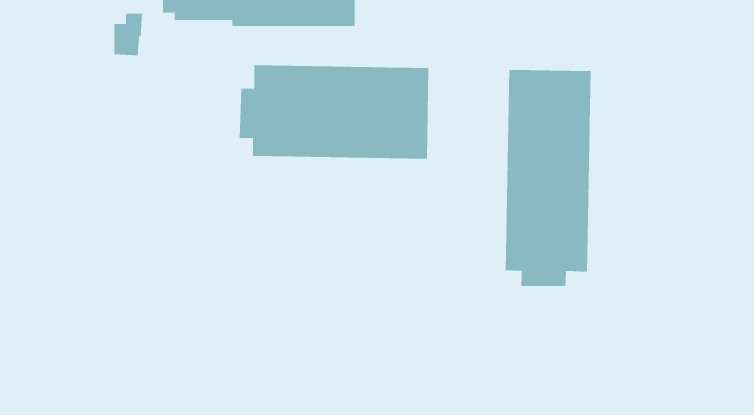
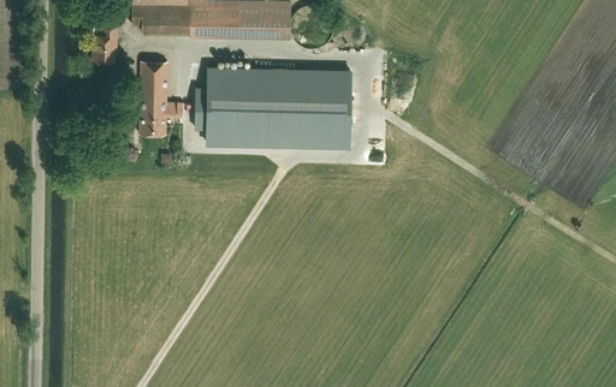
building: none -> [140,61,183,135]
building: [505,69,591,287] -> none

